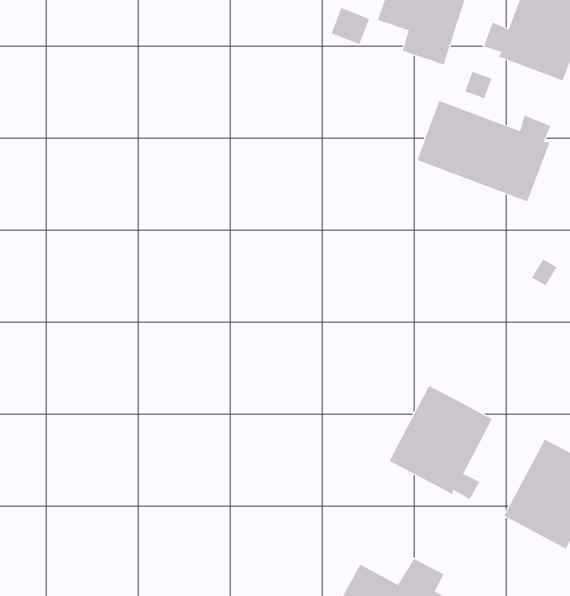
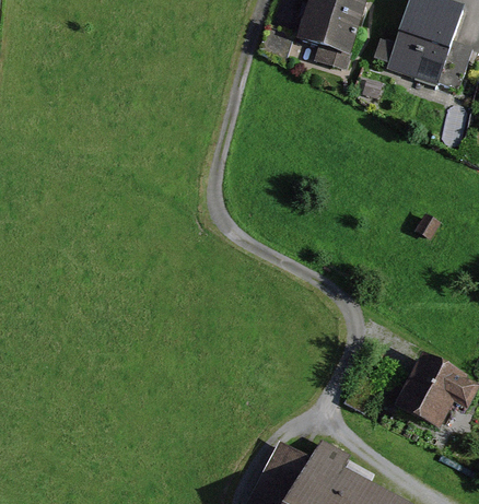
building: [417,100,551,202] -> none
building: [389,385,493,500] -> none

